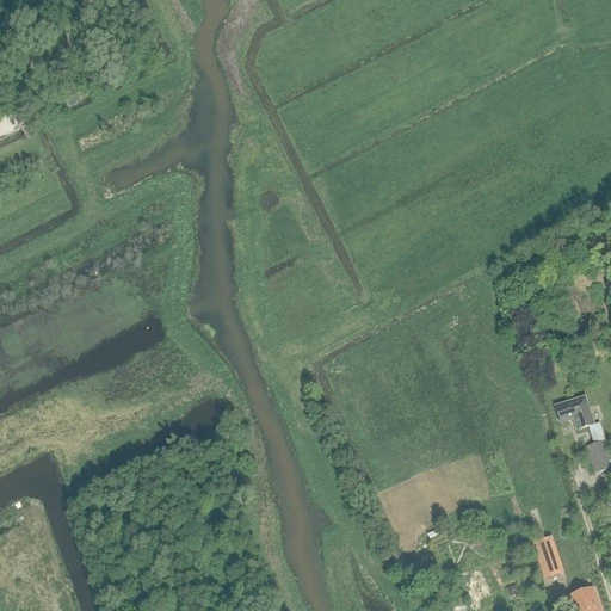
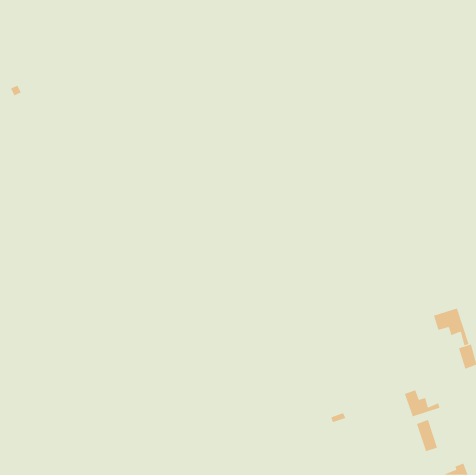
building: none -> [404,389,440,417]

